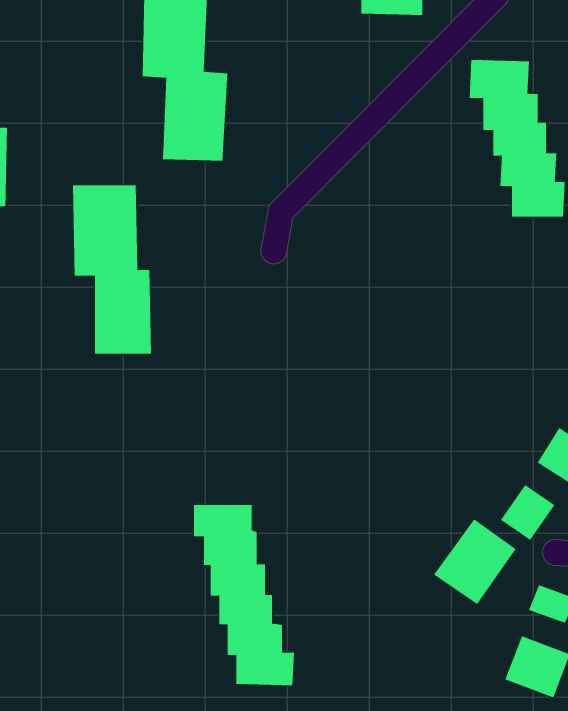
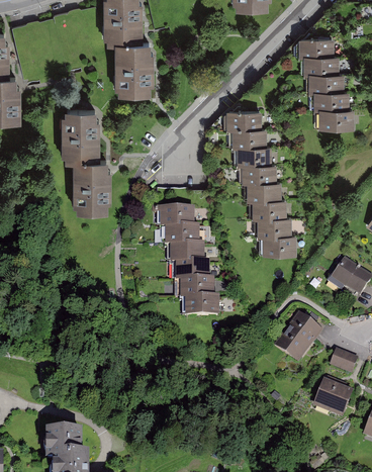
building: none -> [225,111,294,256]
building: [500,484,555,541] -> none
building: [193,505,295,686] -> [158,209,218,317]

